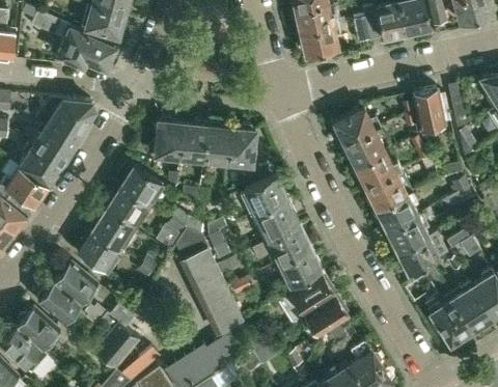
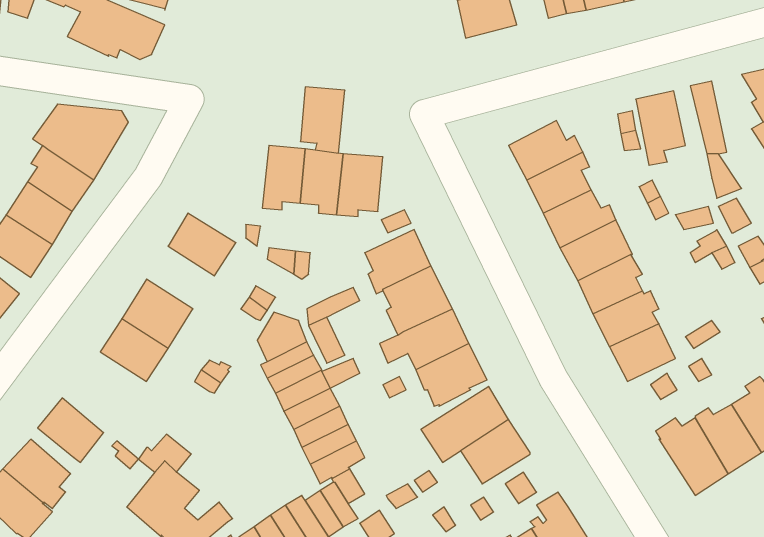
building: [156,121,184,163] -> [300,87,345,153]
building: [107,187,149,226] -> none
building: [54,262,96,304] -> none

